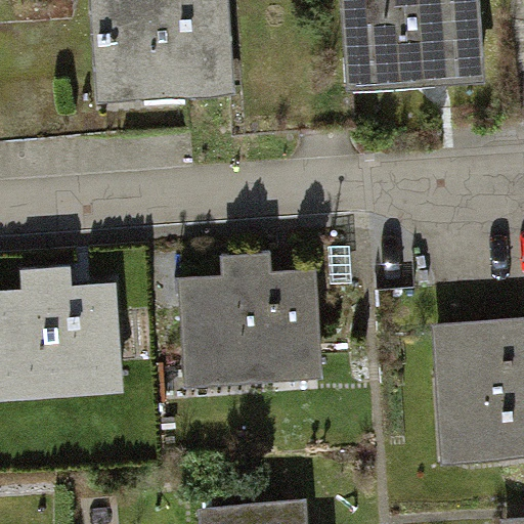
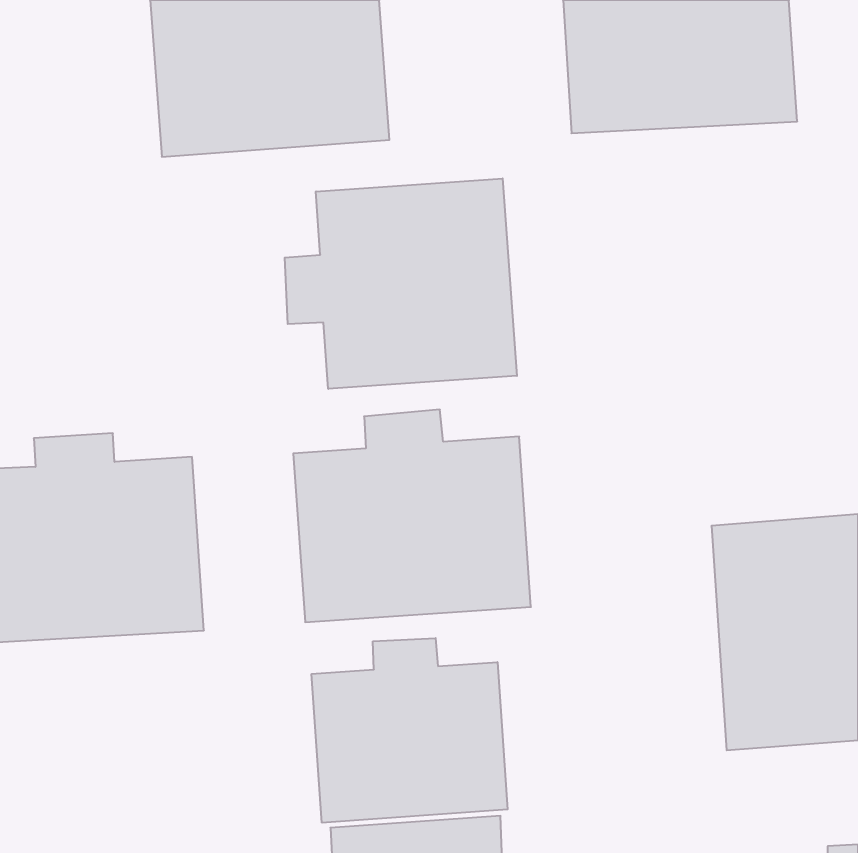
building: none -> [285,178,517,389]
building: none -> [312,638,508,823]

